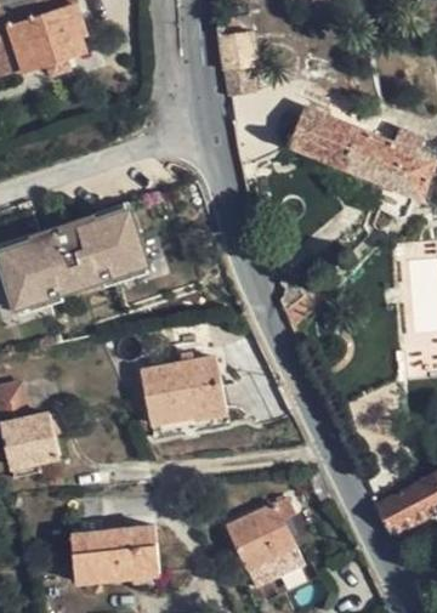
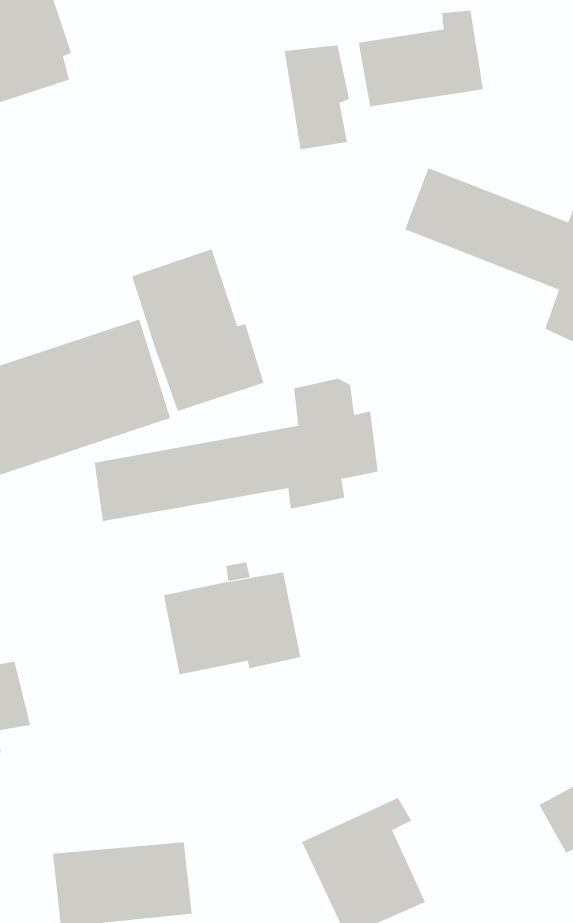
building: none -> [358,10,483,107]
building: none -> [131,249,264,412]
building: none -> [94,378,378,522]

